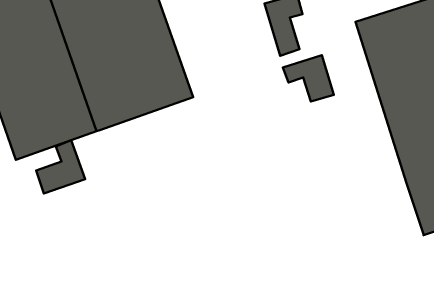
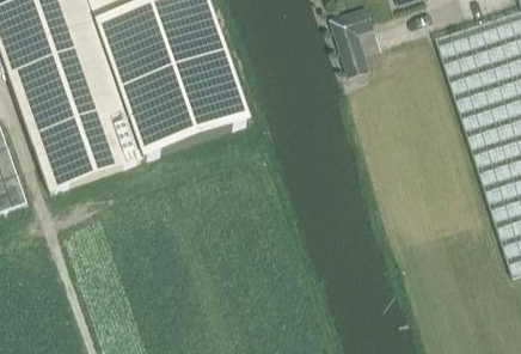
building: [283,55,334,102] -> none
building: [36,140,85,194] -> none

